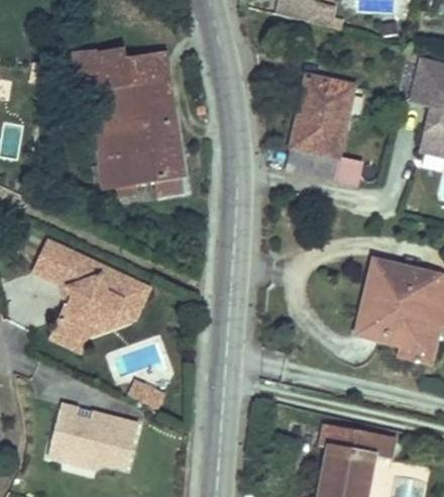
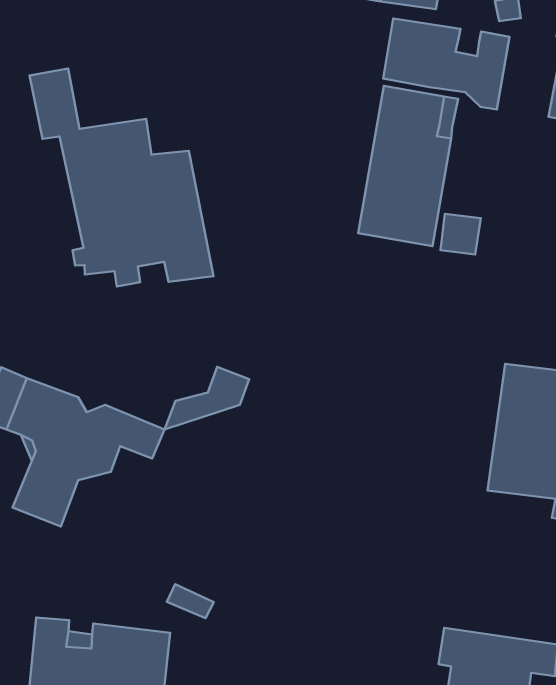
building: none -> [383,19,509,110]
building: [103,51,177,108] -> none
building: [85,295,141,333] -> [165,367,249,430]

